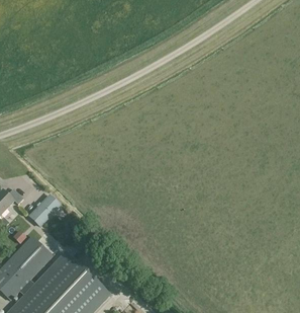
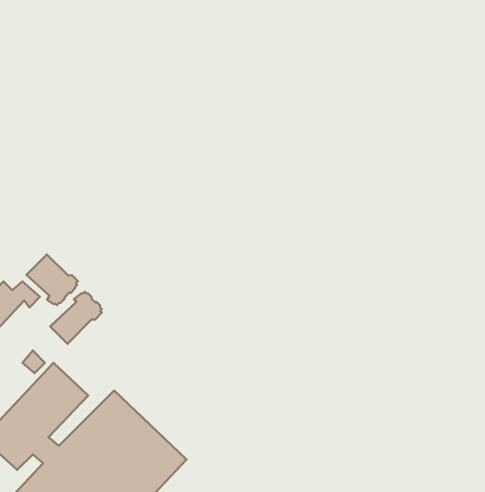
building: none -> [26,254,78,305]

